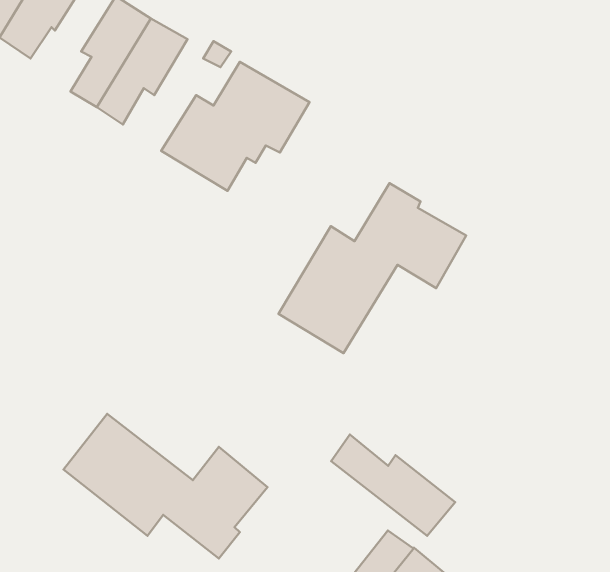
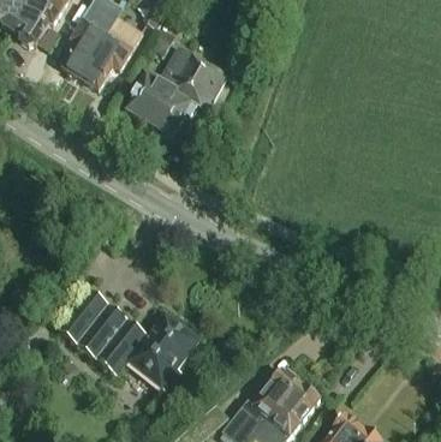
building: [278,183,466,353] -> none
building: [331,435,455,536] -> none

